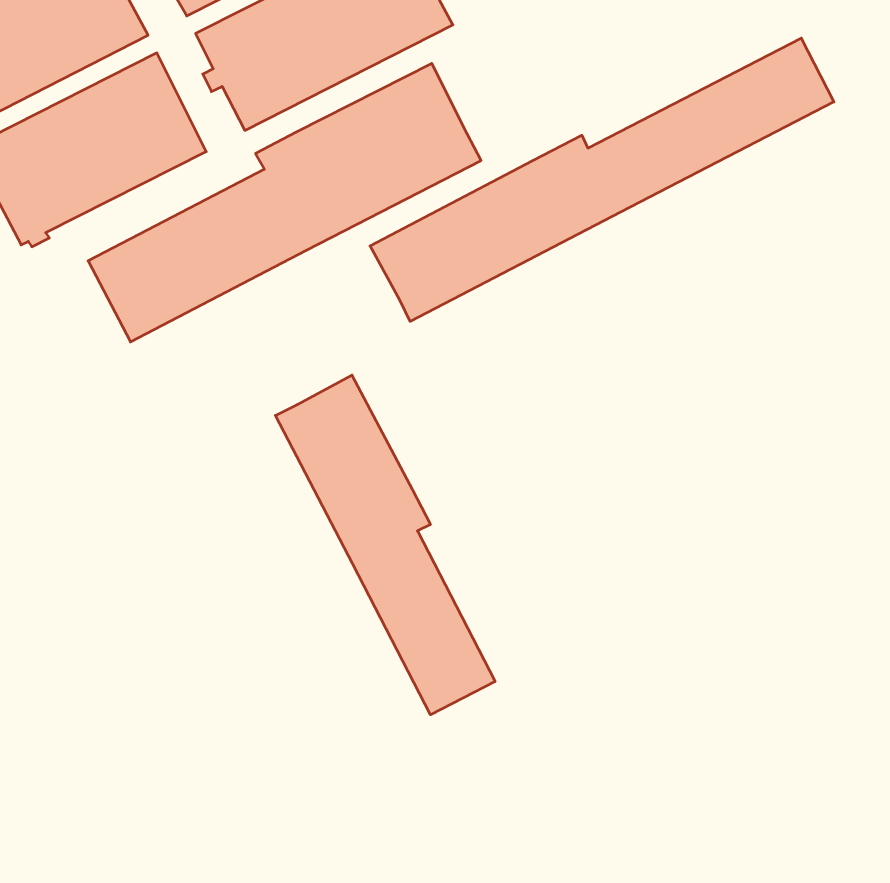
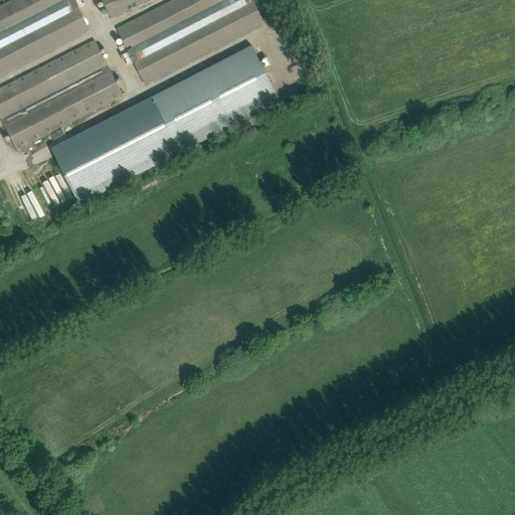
building: [370,38,834,321] -> none
building: [275,375,495,715] -> none

